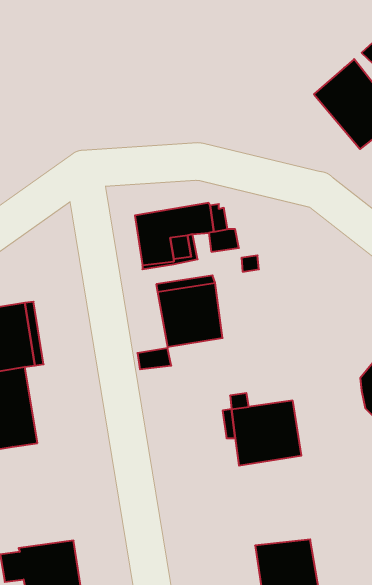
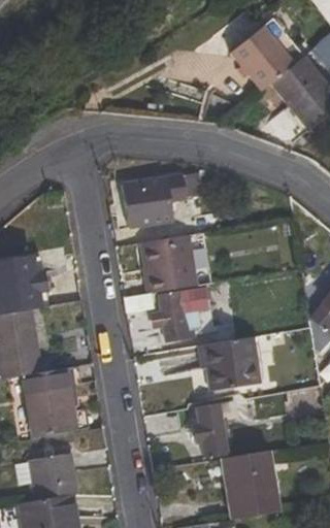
building: none -> [230,25,296,92]
building: none -> [160,288,213,338]
building: none -> [23,367,75,437]
building: none -> [195,402,237,455]

